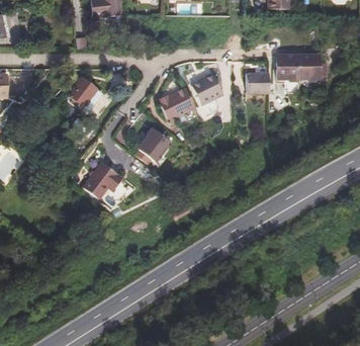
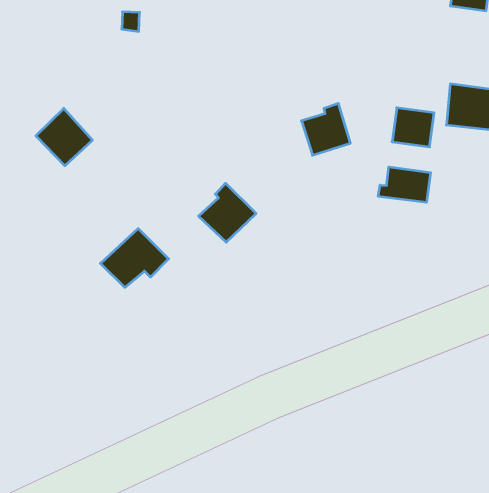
building: [69,77,102,110] -> [36,108,92,166]
building: [157,90,192,118] -> none
building: none -> [378,167,431,202]

